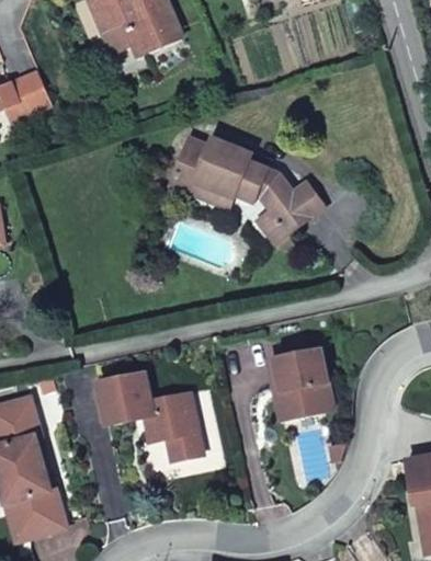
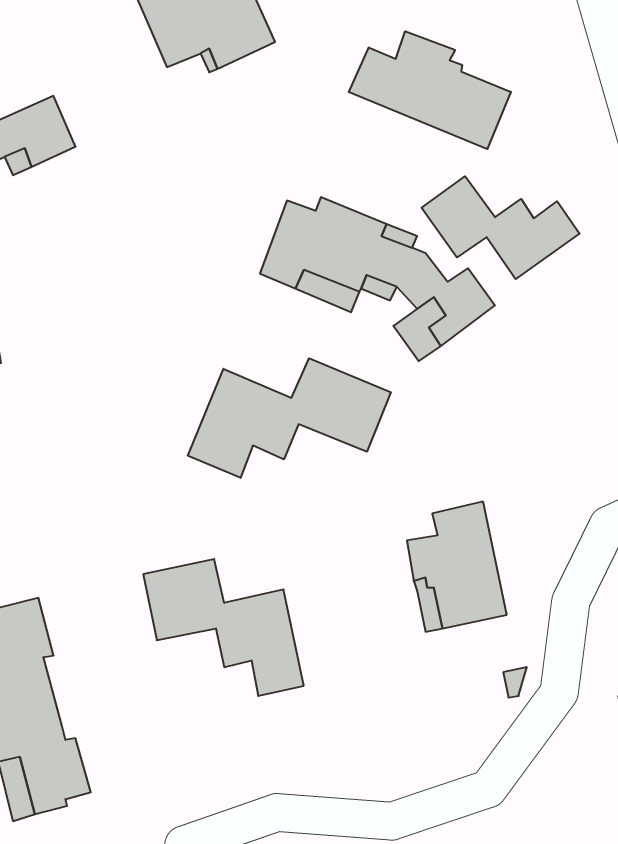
building: none -> [349,31,511,149]
building: none -> [422,176,580,279]
building: none -> [188,358,391,478]

